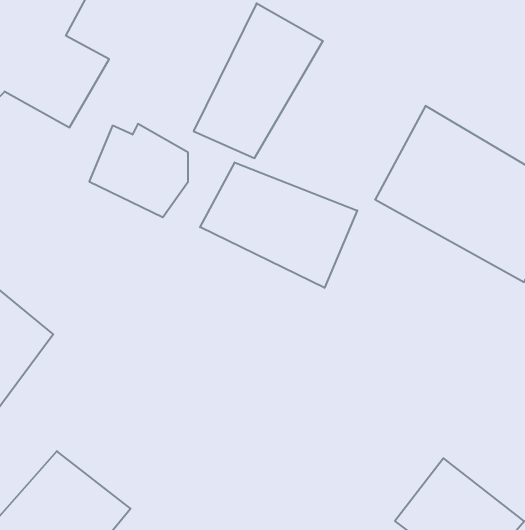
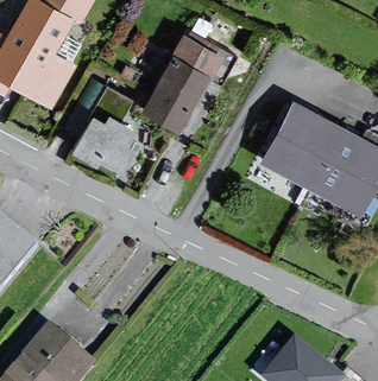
building: [200,162,357,288] -> none

